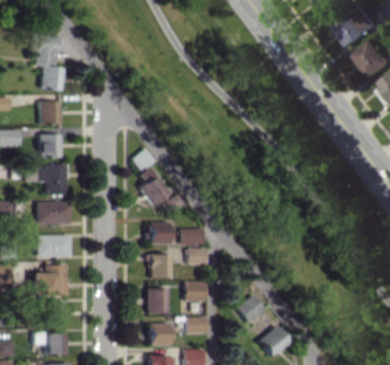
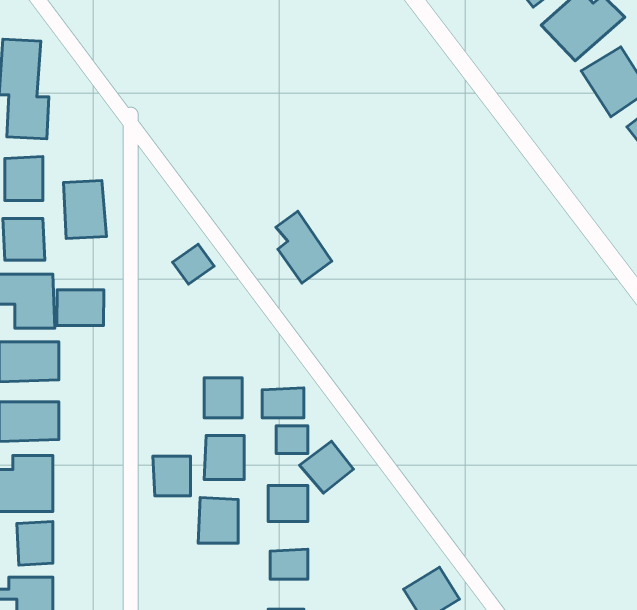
building: none -> [64,181,106,239]
building: [138,167,169,206] -> [276,211,332,283]
building: none -> [57,290,104,326]
building: [236,295,265,323] -> [300,441,353,493]
building: [149,323,170,345] -> [153,456,191,496]

